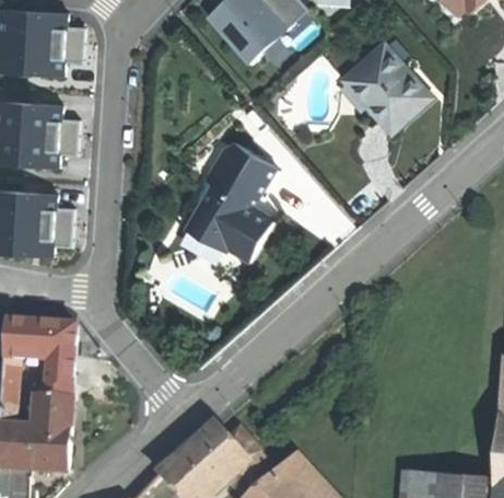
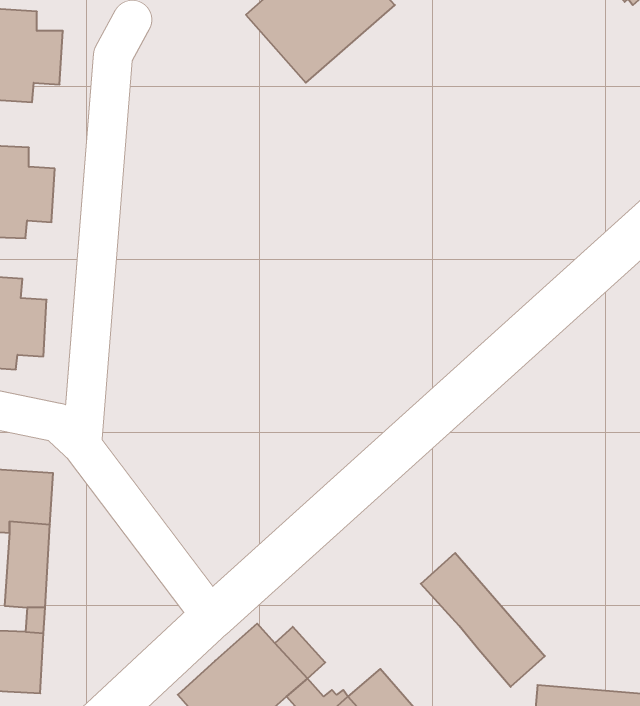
building: [348,47,427,134] -> none
building: [185,143,274,263] -> none
building: none -> [421,553,545,687]

